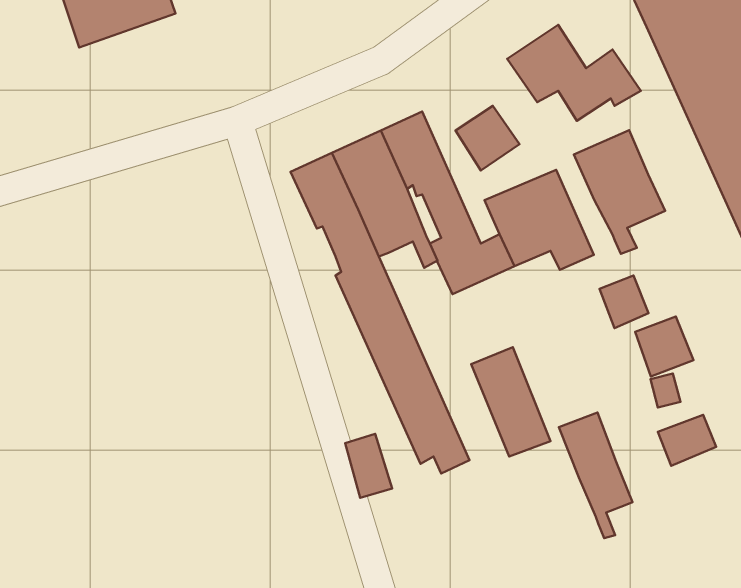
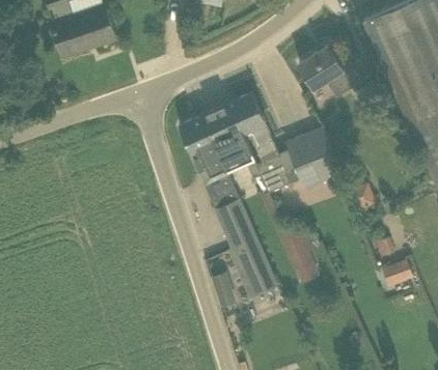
building: [455,106,520,171] -> none
building: [574,130,665,254] -> none
building: [635,317,694,377] -> none
building: [559,412,632,538] -> none

